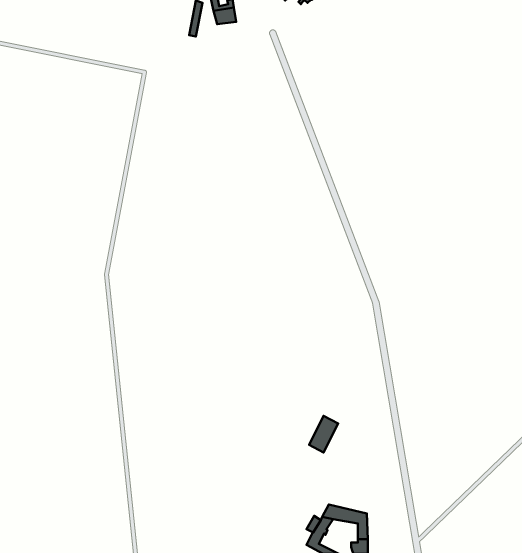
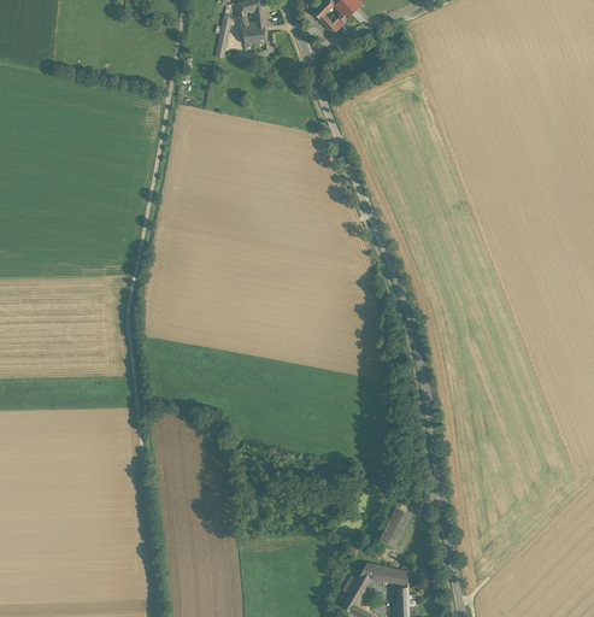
building: [309,416,338,453] -> [378,507,410,547]

